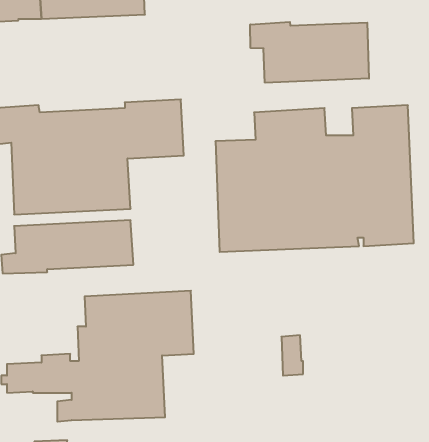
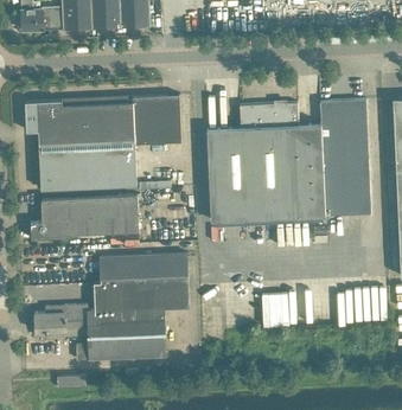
building: [250,22,369,83] -> none

